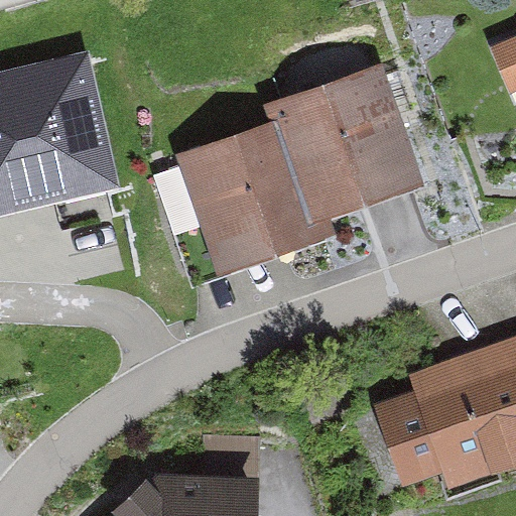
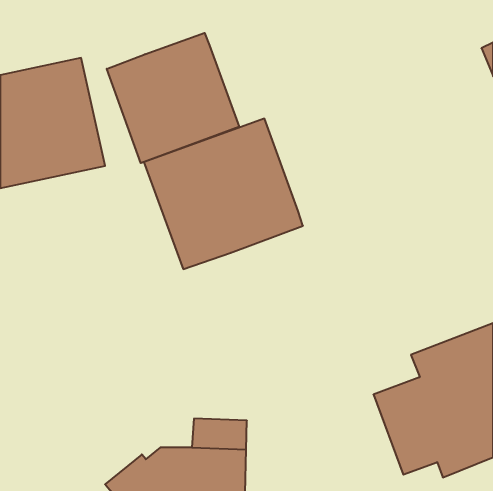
building: none -> [107,33,239,163]
building: [270,63,426,223] -> none

